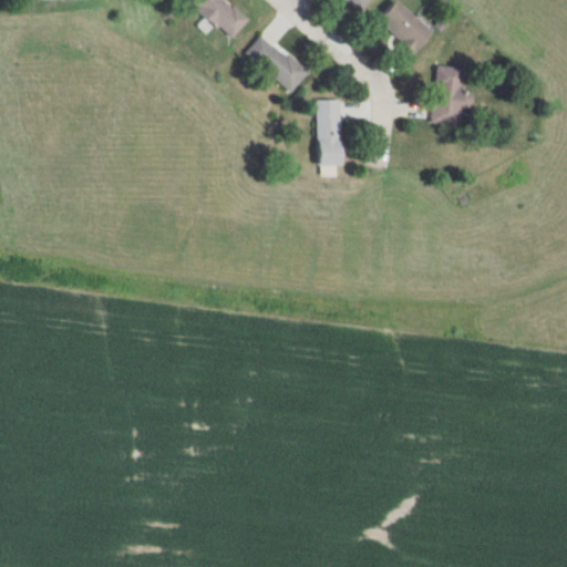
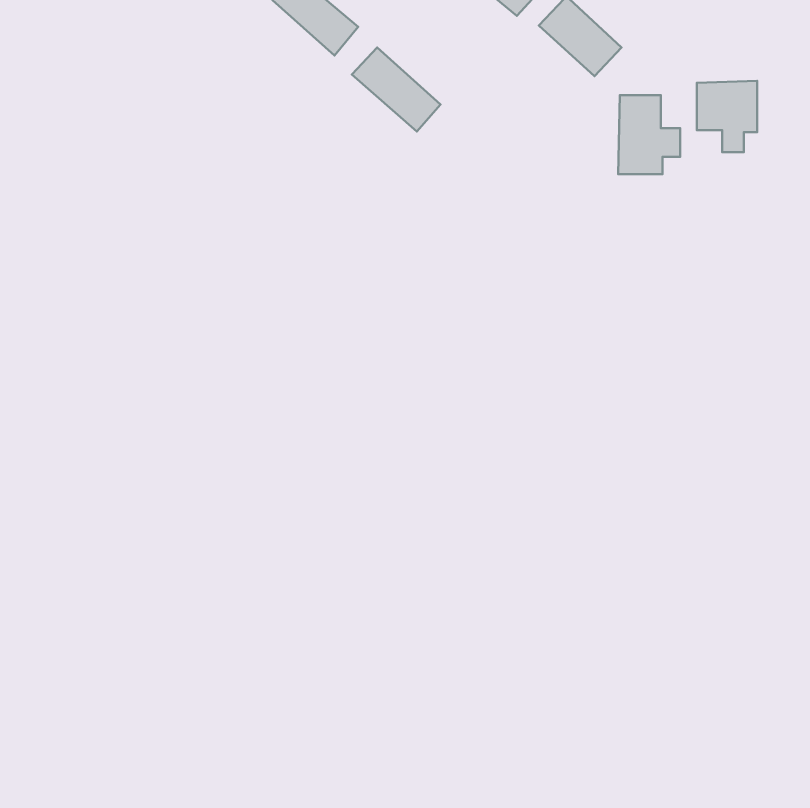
building: none -> [697,81,757,152]
building: [317,100,343,166] -> none

